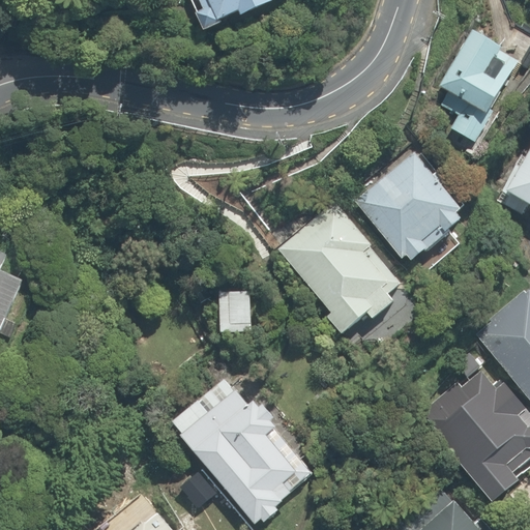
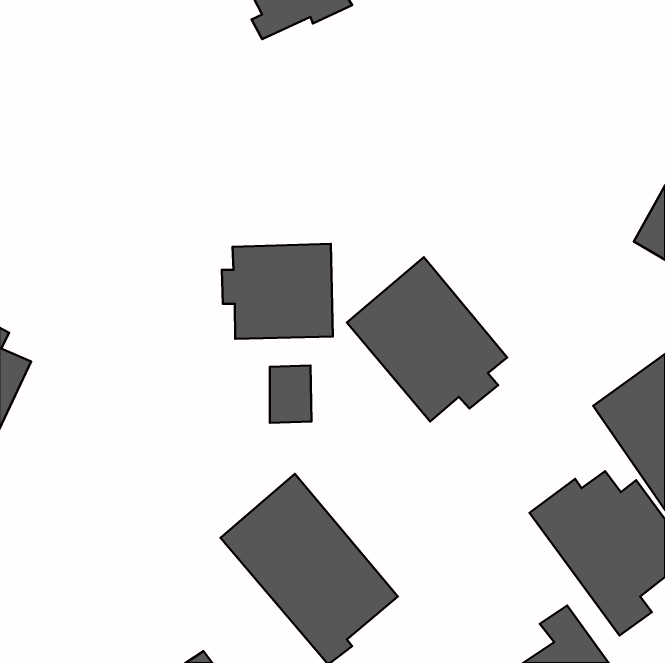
building: [437,31,523,142] -> none
building: [354,149,466,264] -> none
building: none -> [222,244,333,339]

